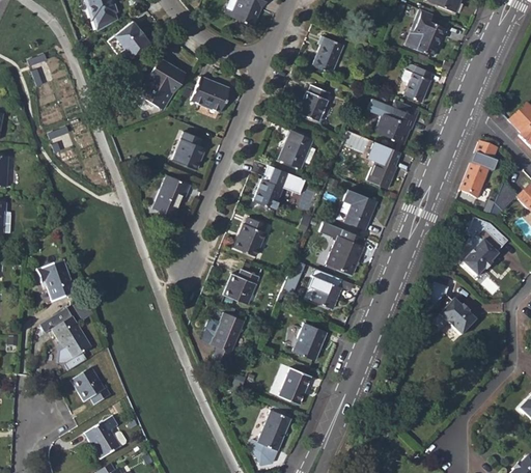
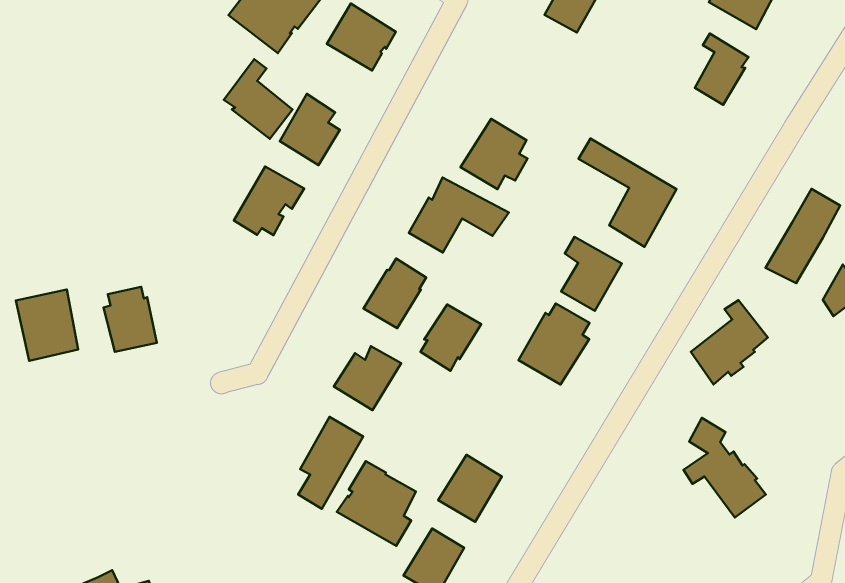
building: [298,84,329,120] -> none
building: [374,99,419,143] -> none
building: none -> [224,59,292,139]
building: [459,225,502,275] -> [691,300,768,384]
building: none -> [104,287,157,352]
building: [309,278,341,315] -> [420,305,481,371]
building: [51,316,91,364] -> none
building: none -> [337,461,416,546]
building: [72,368,110,405] -> none

